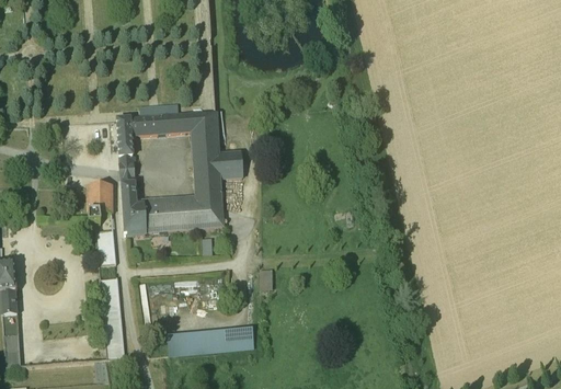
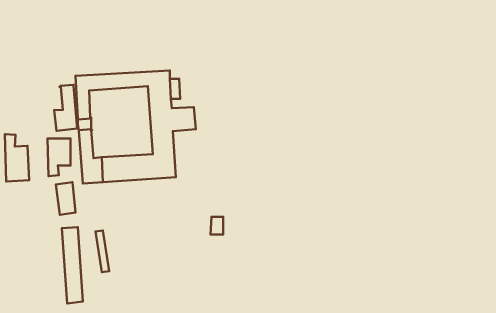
building: none -> [54,85,77,131]
building: none -> [5,134,29,182]
building: [165,328,252,353] -> none

